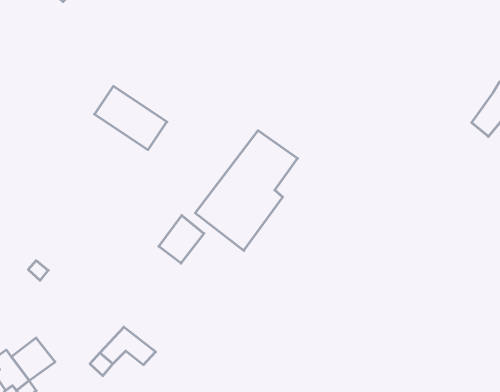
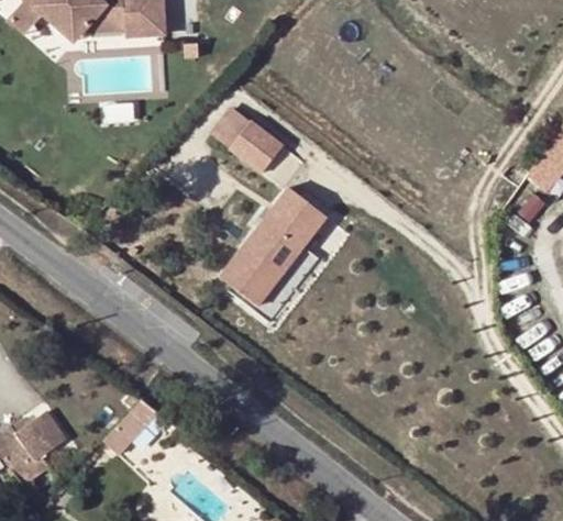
building: [94,86,167,150] -> [213,102,294,173]
building: [159,215,204,263] -> none

